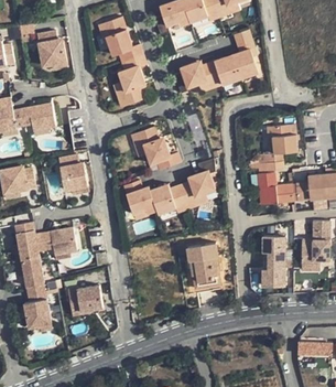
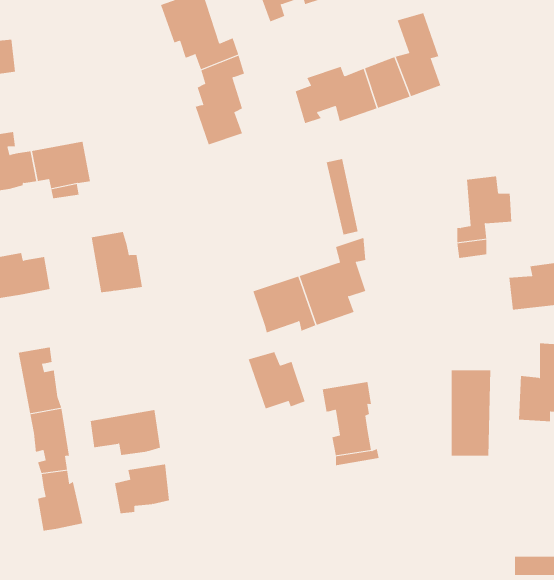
building: [37,33,67,67] -> none
building: [130,128,180,171] -> none
building: [251,173,293,205] -> none
building: [122,182,155,215] -> [248,352,306,409]
building: [35,229,76,256] -> [90,409,161,456]

